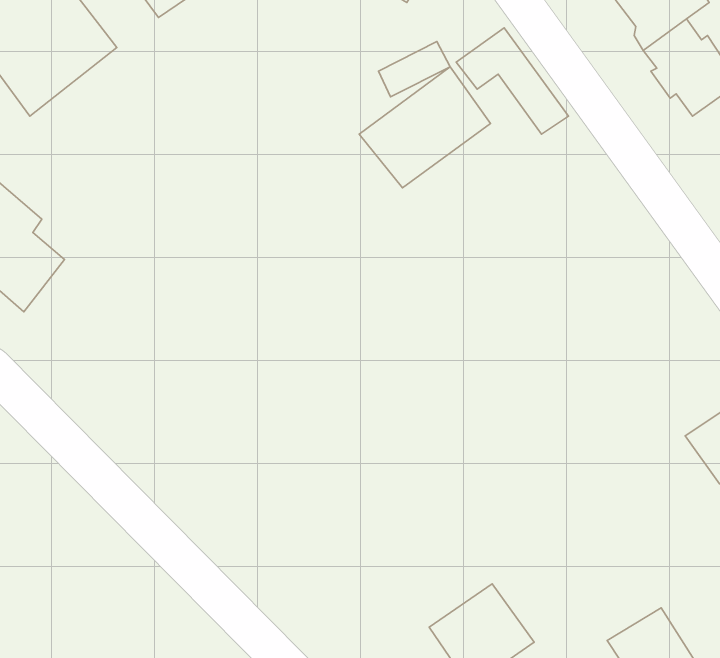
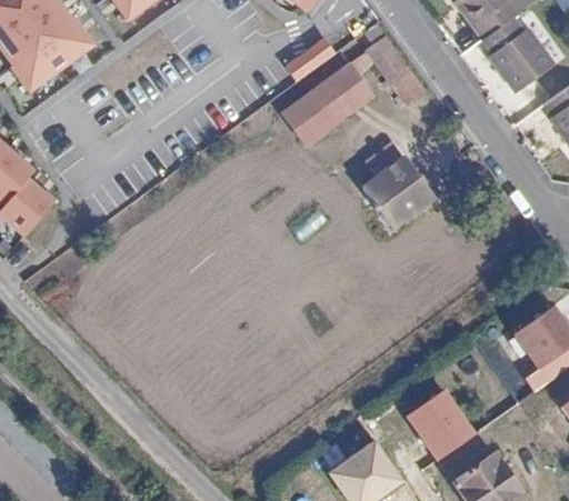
building: none -> [365,146,432,228]
building: none -> [405,388,477,462]

